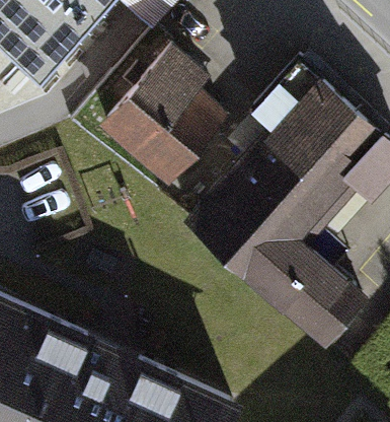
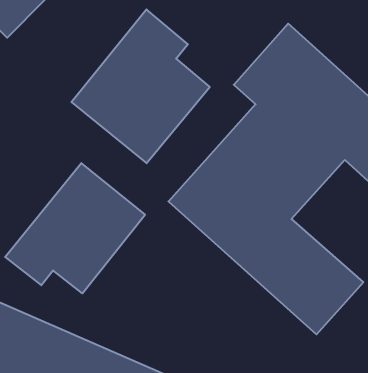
building: none -> [5,163,145,293]

